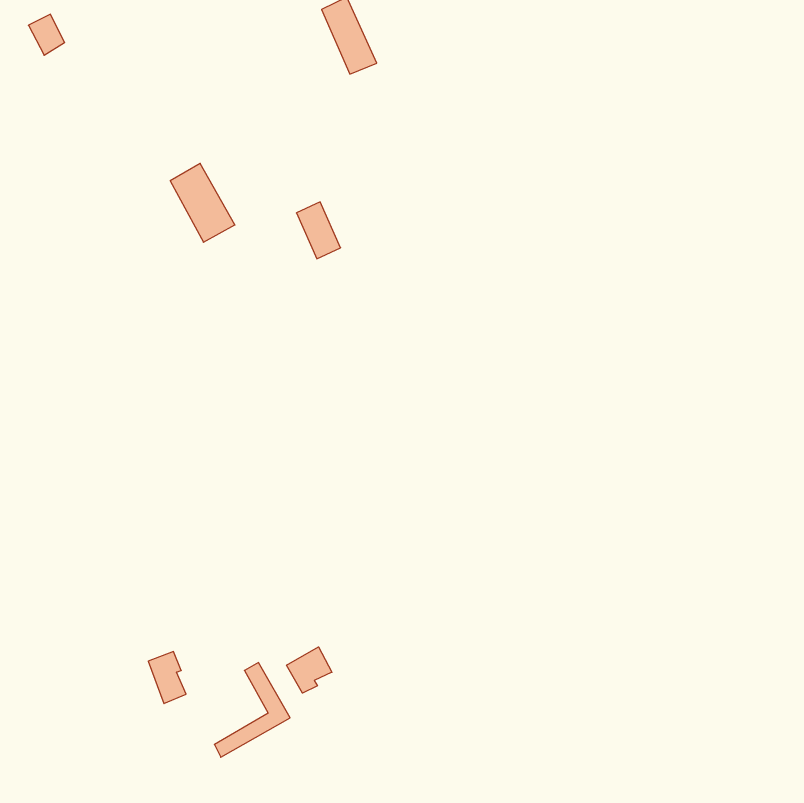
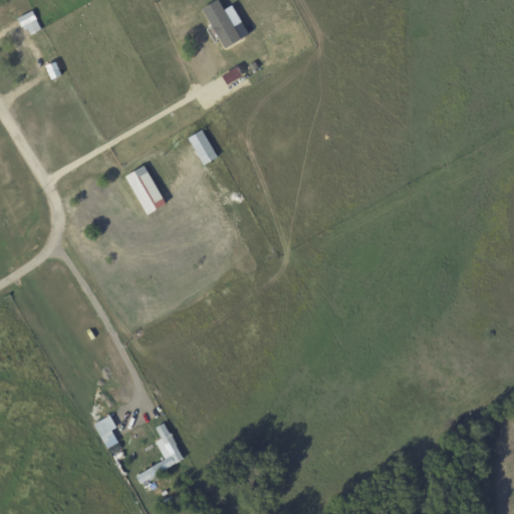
building: [170,163,235,242] -> [125,165,167,215]
building: [287,647,332,693] -> none

